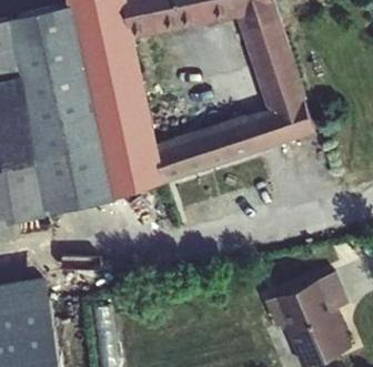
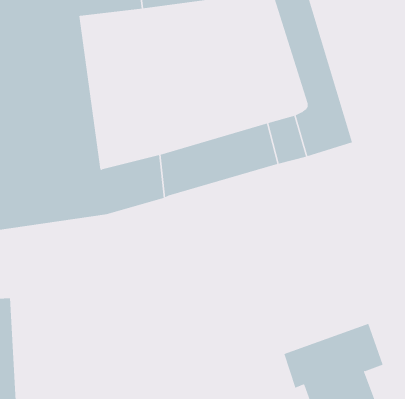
building: [83,35,155,165] -> none

